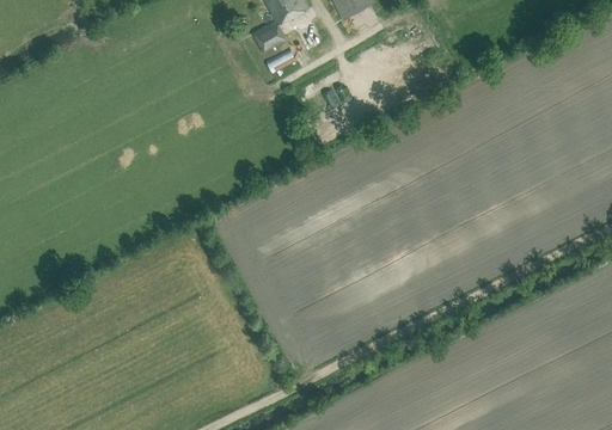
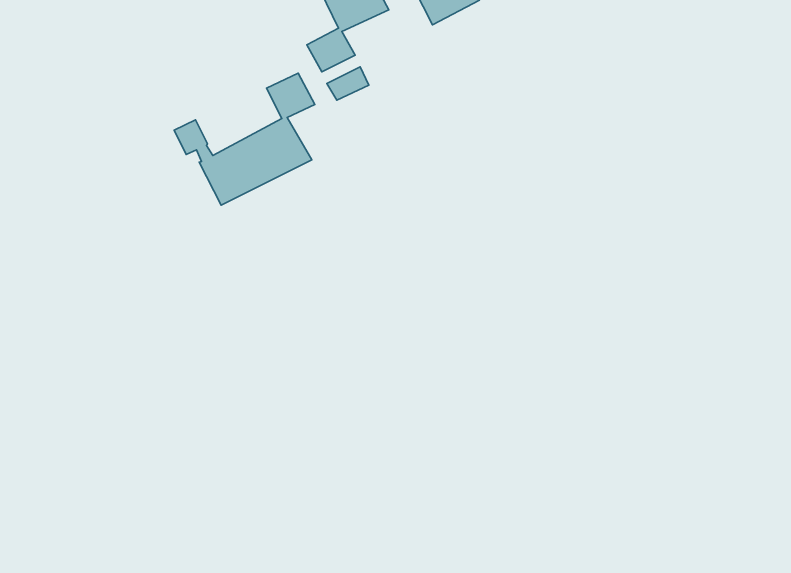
building: none -> [174,73,315,205]

